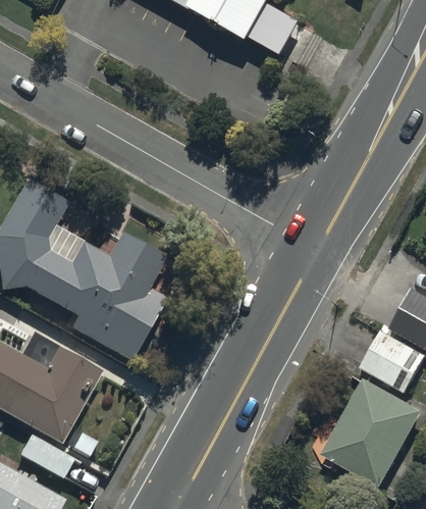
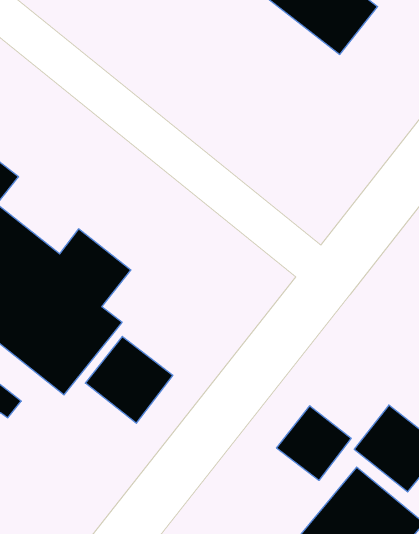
building: none -> [85,336,173,423]
building: none -> [277,406,351,480]

